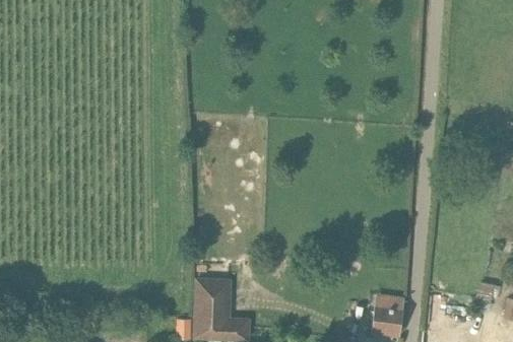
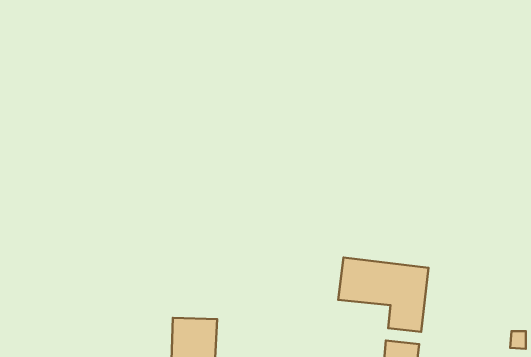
building: none -> [338,258,429,332]

